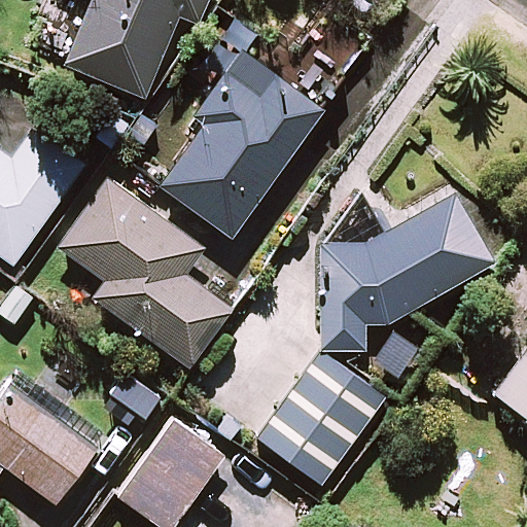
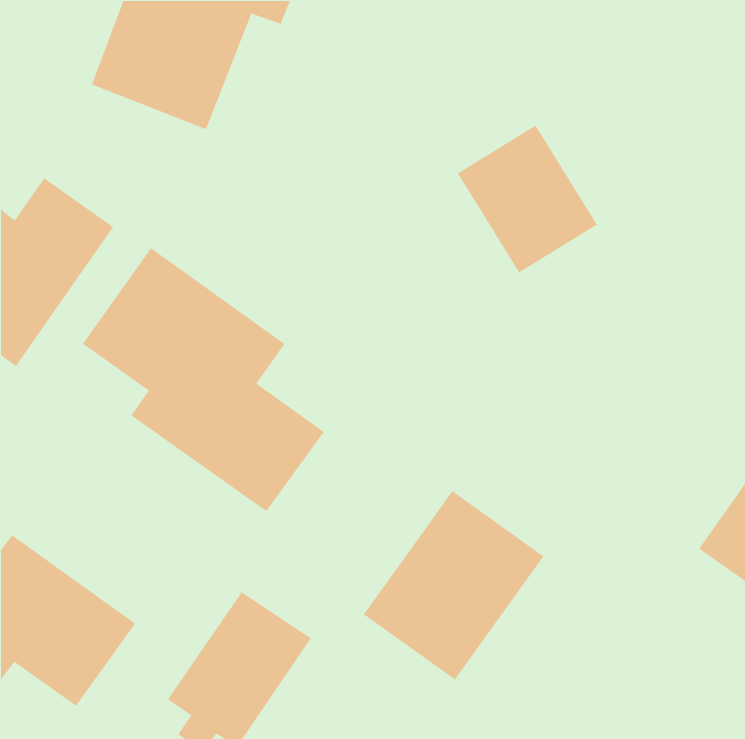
building: [162,39,323,237] -> none
building: none -> [457,124,598,274]
building: [320,190,495,349] -> none

